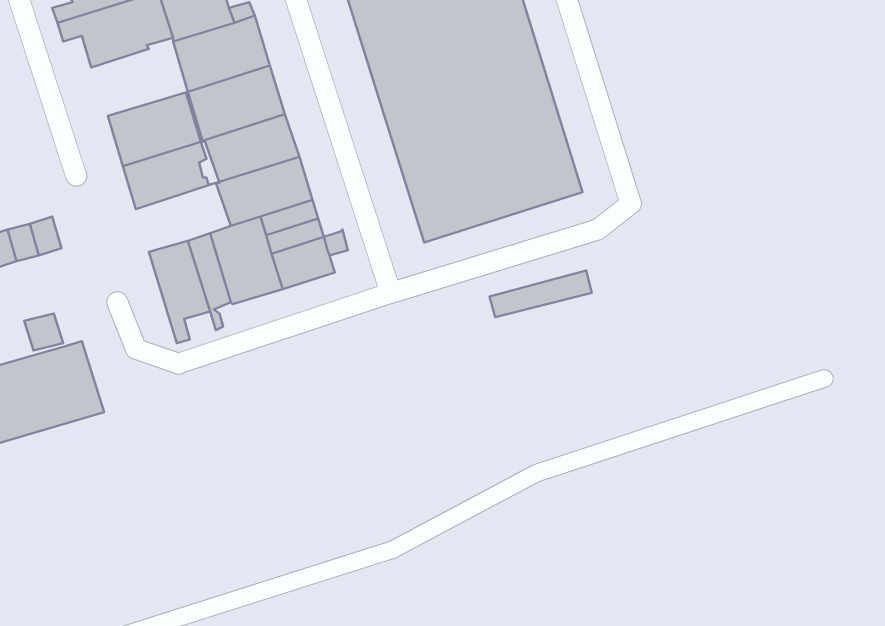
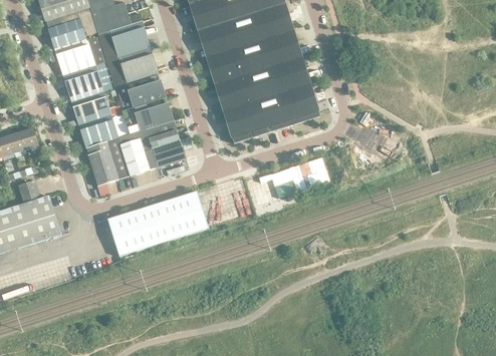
building: none -> [54,34,106,74]
building: none -> [72,110,130,150]
building: none -> [107,191,208,256]

